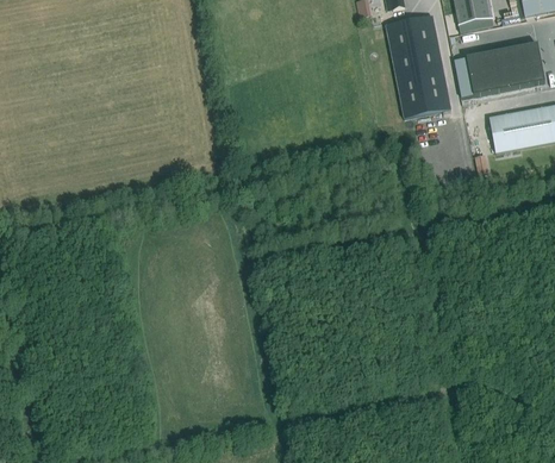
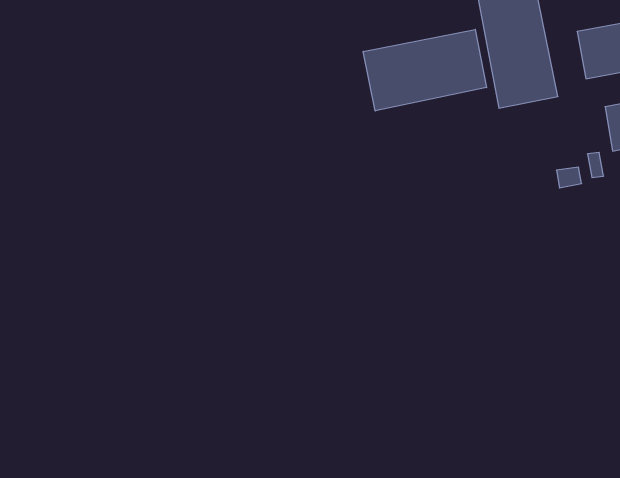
building: none -> [363,29,487,111]

